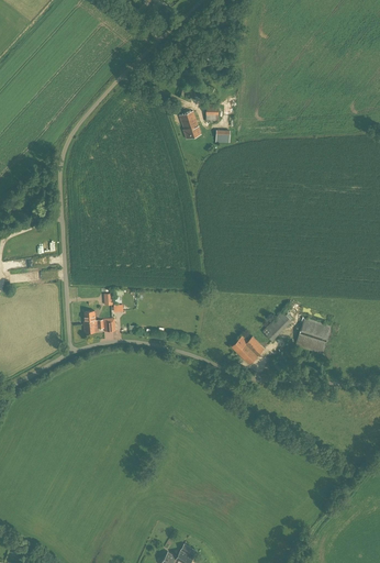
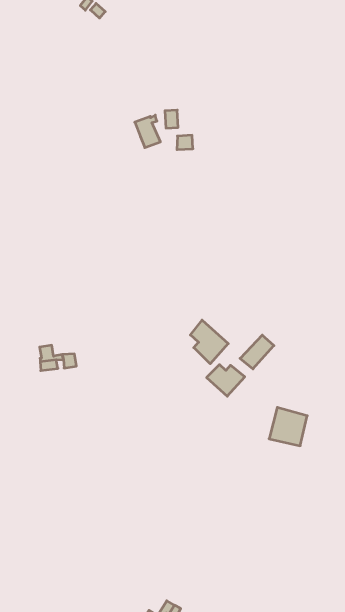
building: none -> [190,320,228,364]
building: [295,318,331,353] -> [269,407,307,446]

